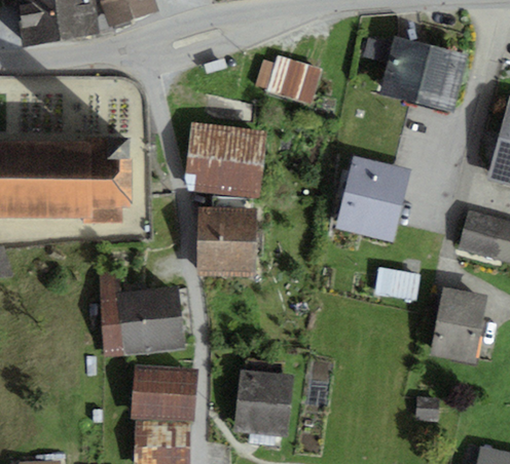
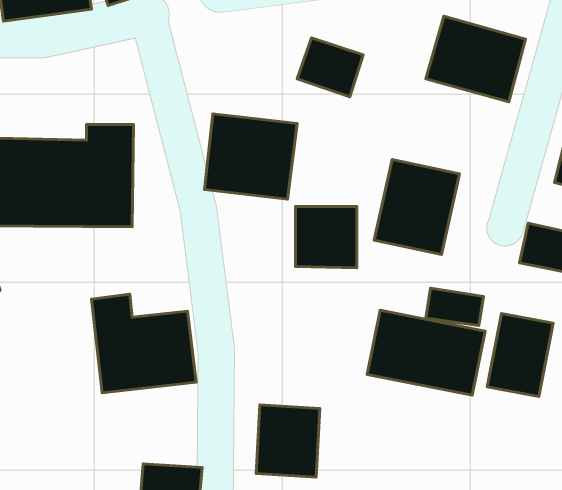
building: [202,209,254,262] -> [296,206,357,268]
building: none -> [367,310,485,395]
building: [129,363,194,413] -> none

